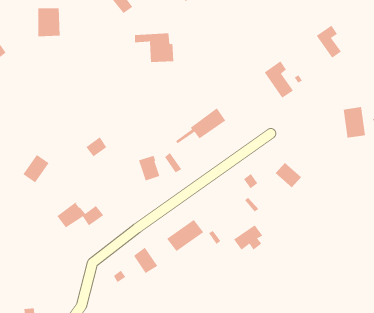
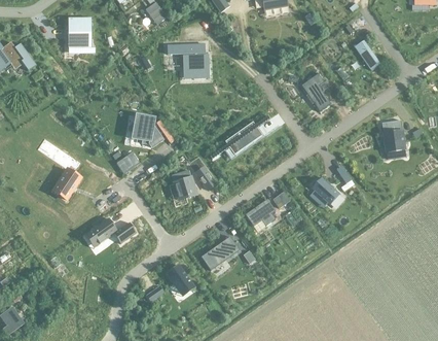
building: none -> [131,114,161,146]
building: [233,224,263,250] -> [244,199,275,226]

